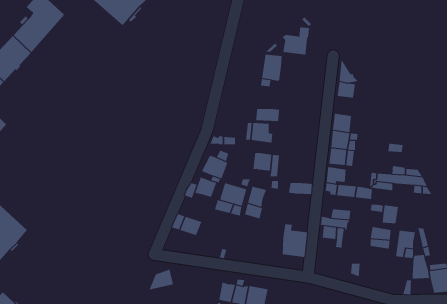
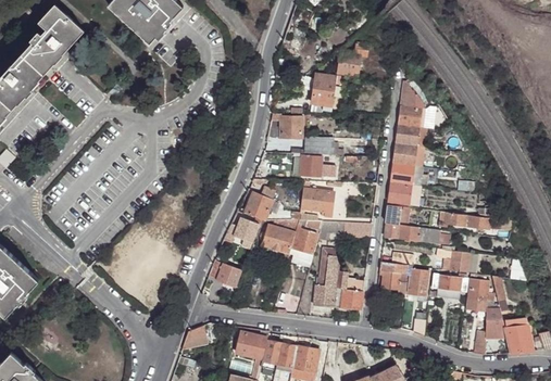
building: none -> [278,115,301,140]
building: none -> [395,125,417,148]
building: none -> [313,249,339,308]
building: none -> [408,271,428,297]
building: none -> [234,332,264,358]

